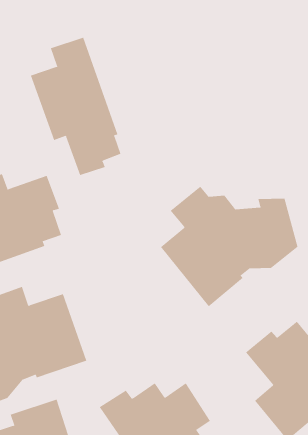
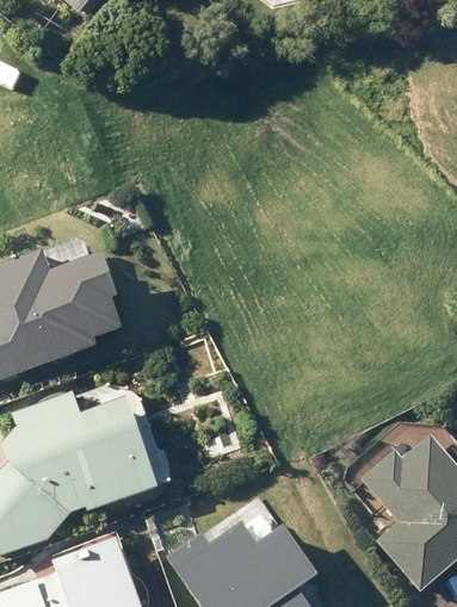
building: [30,37,121,176] -> none
building: [160,186,298,307] -> none

